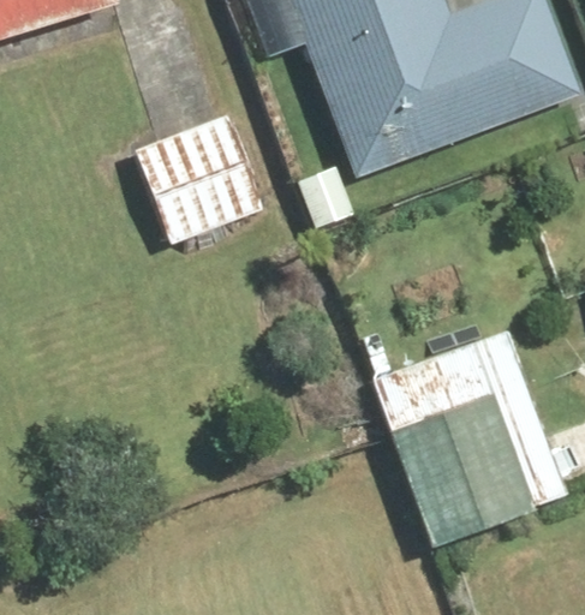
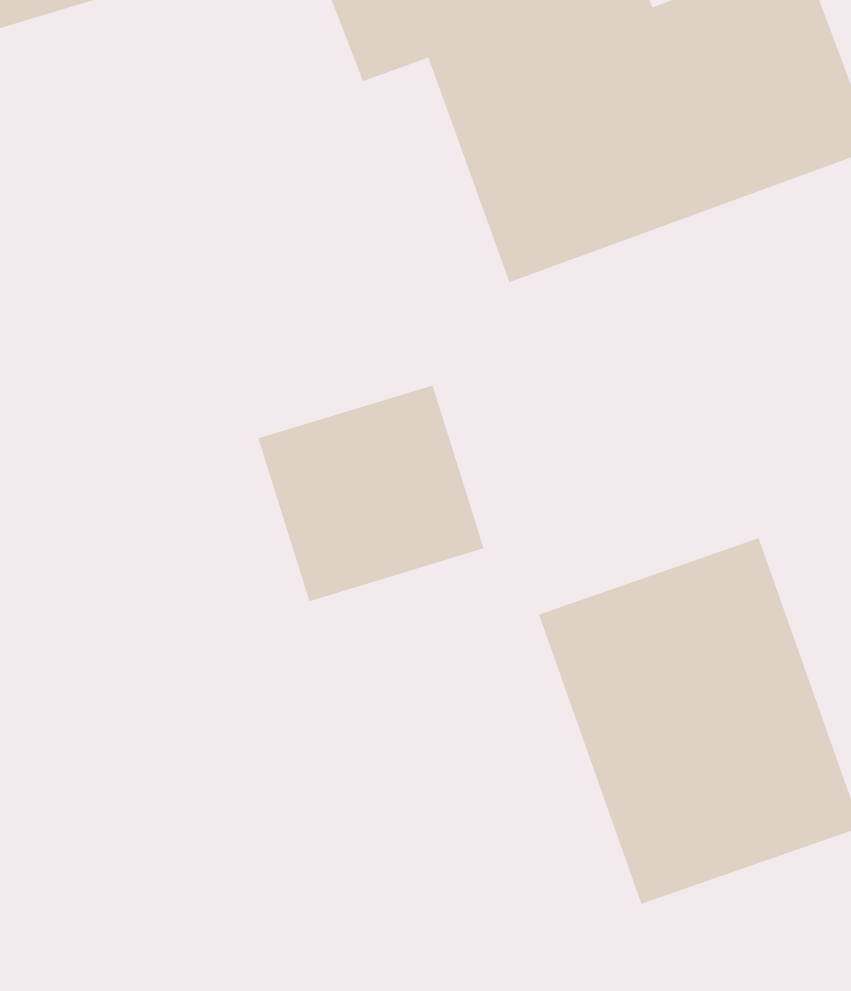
building: [139,111,277,243] -> [258,385,484,602]

